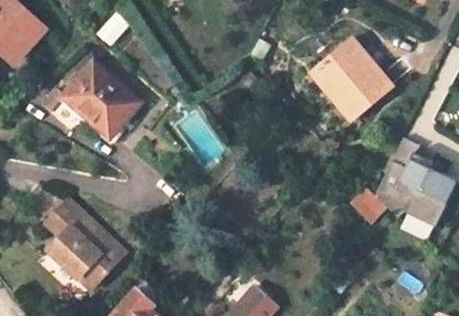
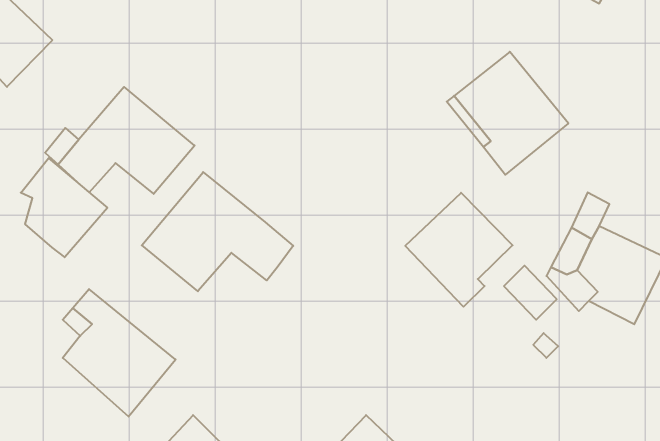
building: none -> [21,158,107,257]
building: none -> [142,172,293,291]
building: none -> [405,193,513,307]

